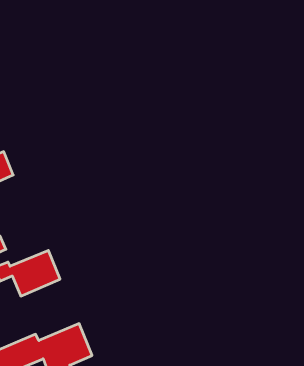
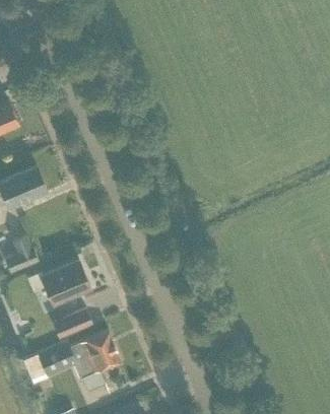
building: none -> [53,309,92,339]

